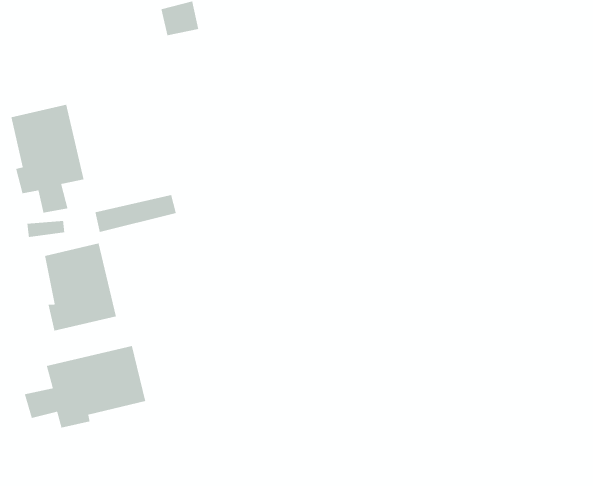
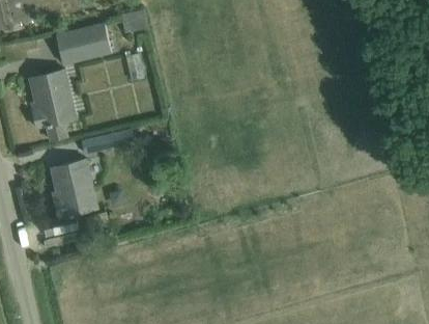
building: none -> [58,23,110,63]
building: [24,345,146,428] -> none

